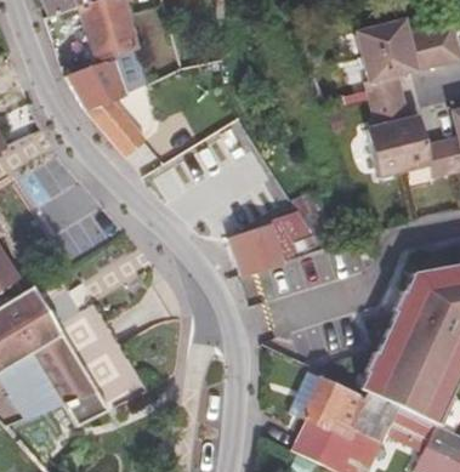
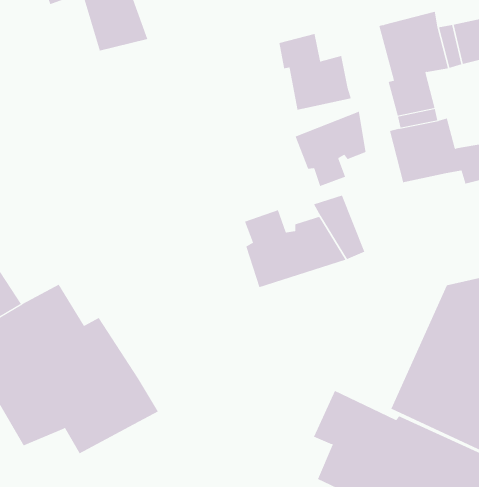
building: none -> [279,33,352,110]
building: [66,57,146,155] -> none
building: none -> [295,111,366,187]

